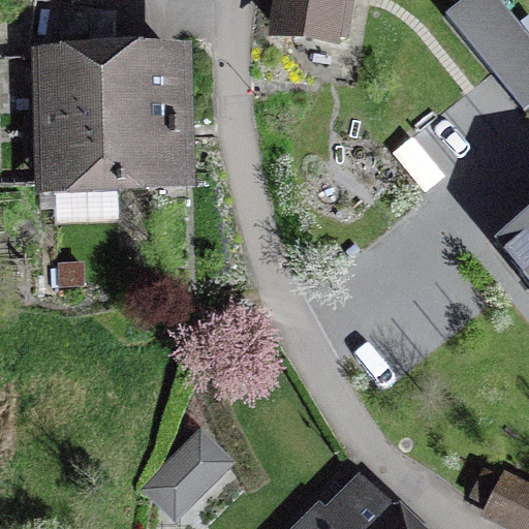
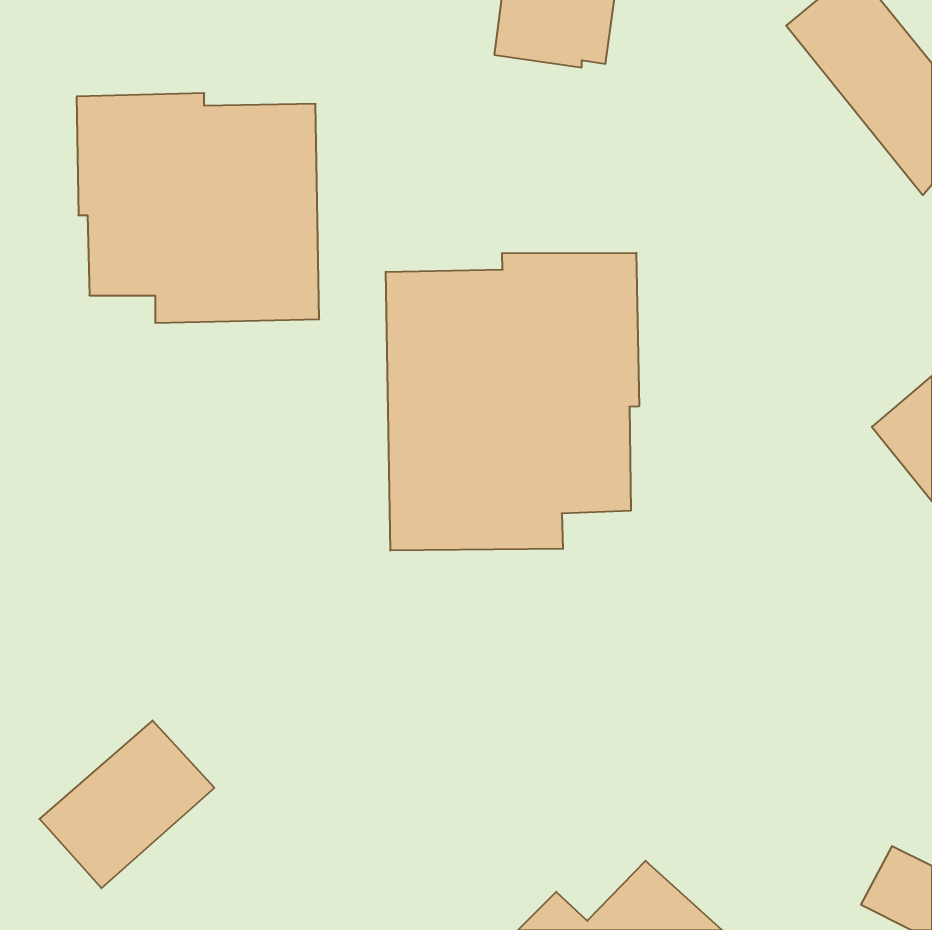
building: none -> [386,253,639,551]
building: [143,425,242,520] -> [39,720,214,888]

